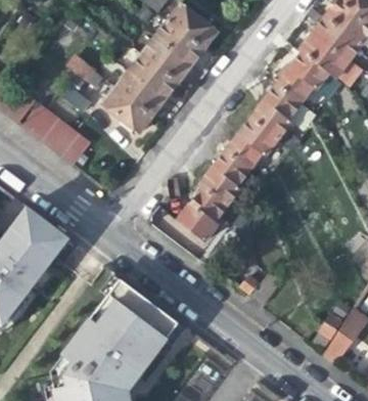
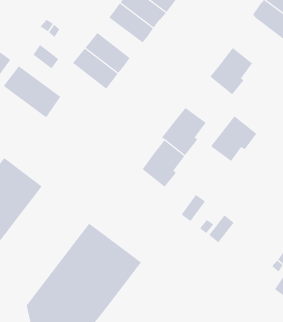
building: [129,53,179,98] -> none
building: [278,54,329,104] -> none
building: [226,119,278,170] -> [210,115,257,162]

